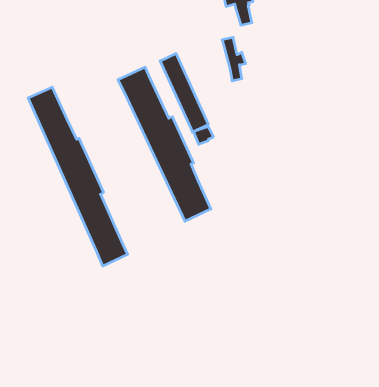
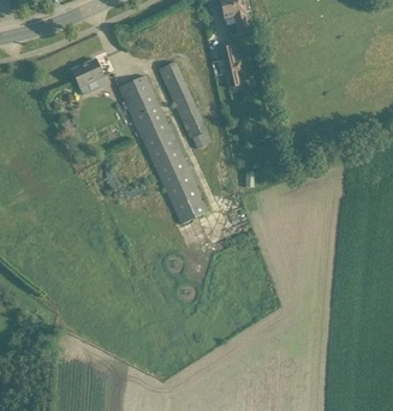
building: none -> [70,58,105,94]
building: [28,87,128,266] -> none

